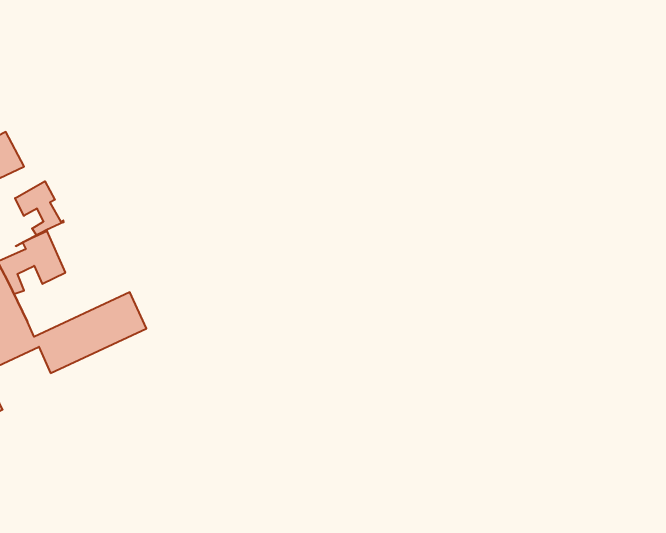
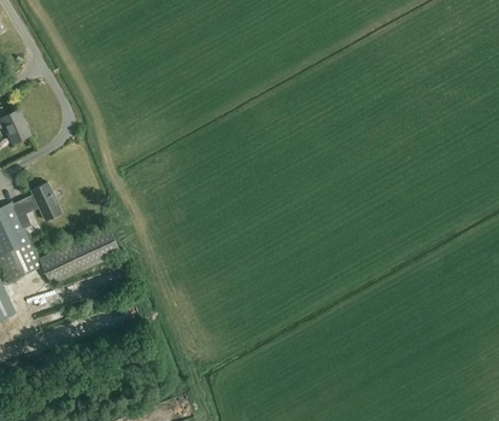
building: [15,181,64,246] -> none

